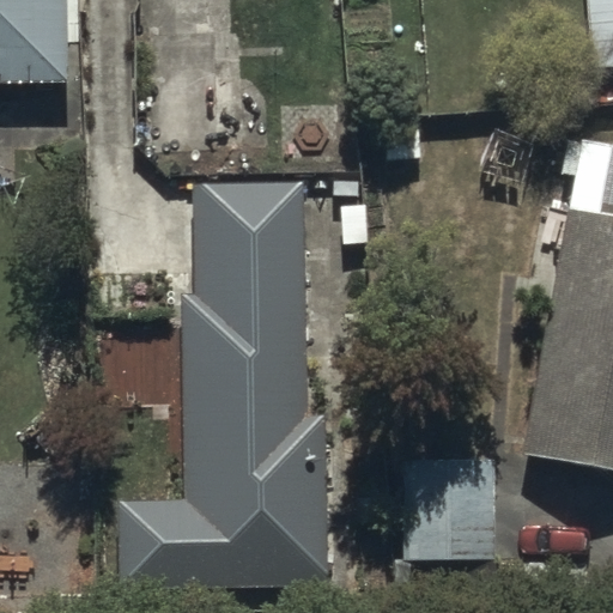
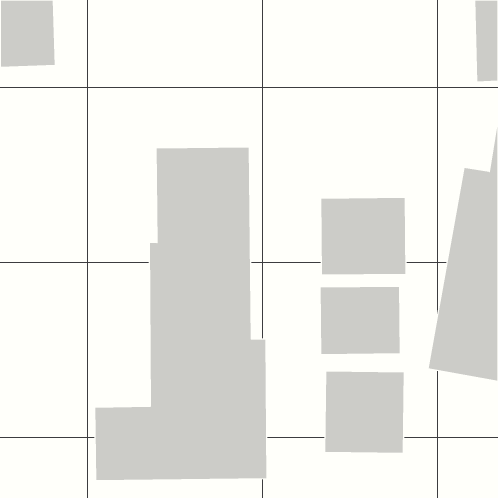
building: none -> [321,197,406,275]
building: none -> [320,286,400,355]

